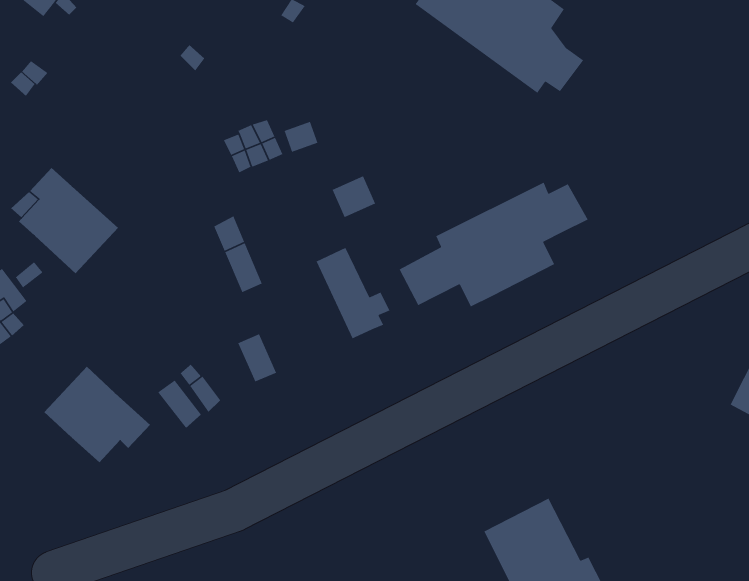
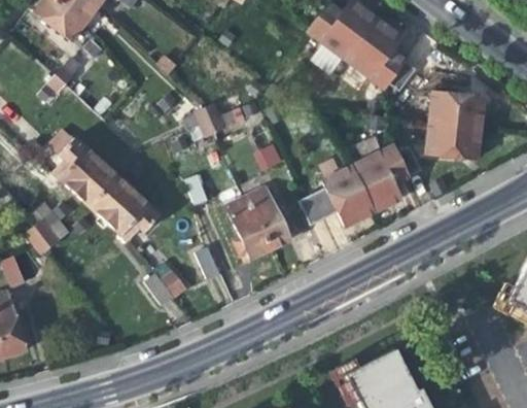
building: none -> [424,93,482,160]
building: none -> [225,198,269,258]
building: [44,366,151,463] -> [91,176,160,239]

